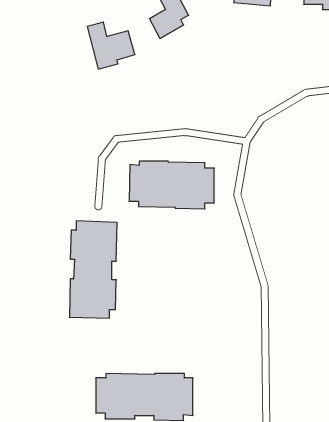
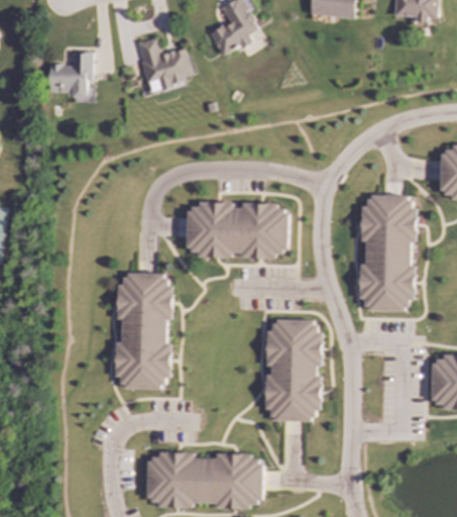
building: none -> [49,51,92,100]
building: none -> [359,195,415,310]
building: none -> [264,319,322,421]

